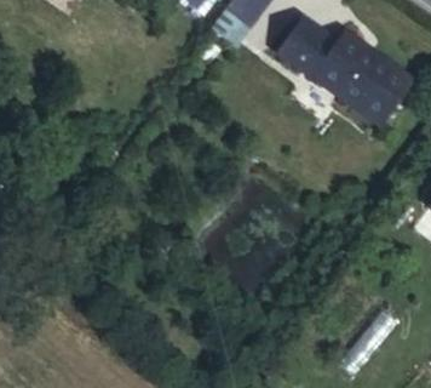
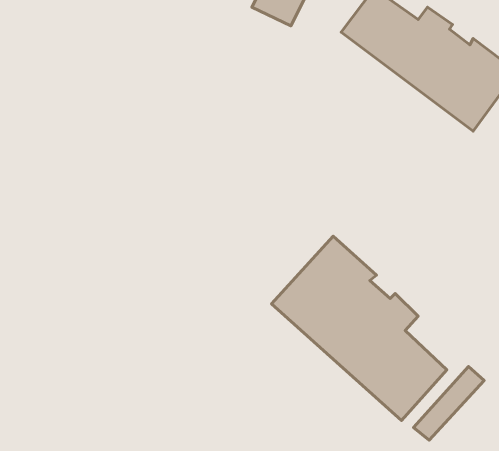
building: none -> [272,236,447,420]

